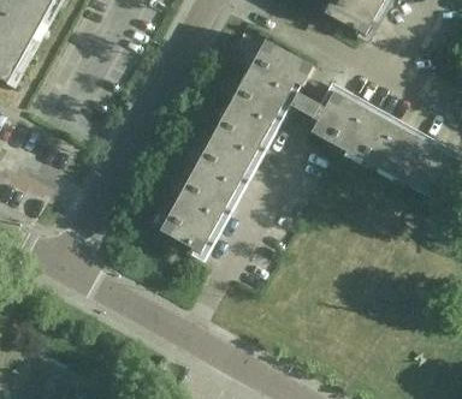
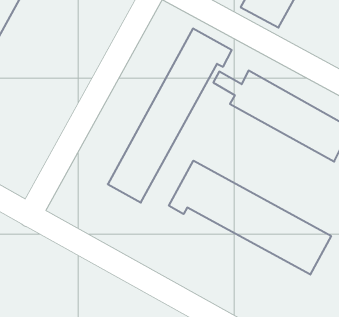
building: none -> [169,161,331,275]

